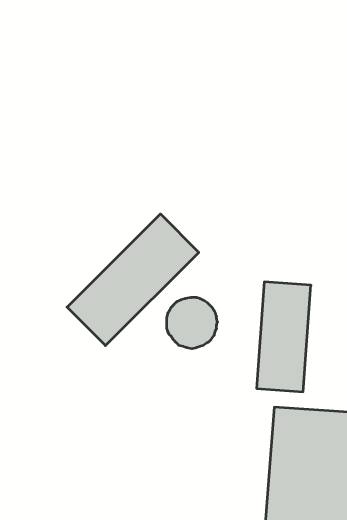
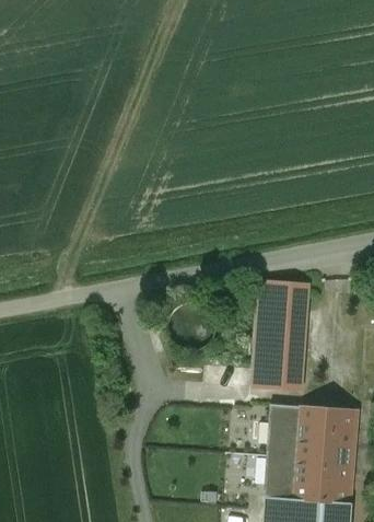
building: [67,214,199,346] -> none

